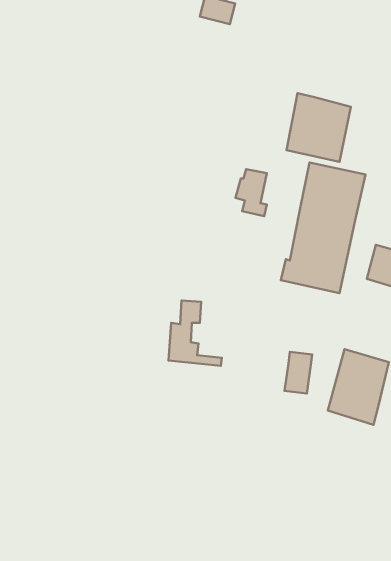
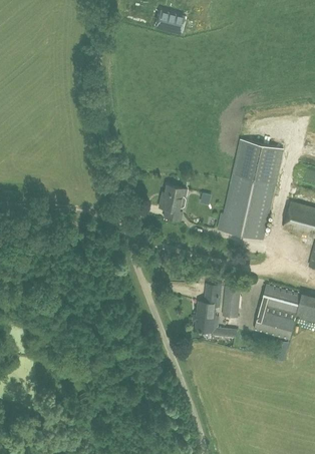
building: [286,93,351,162] -> none
building: [236,169,267,216] -> [160,184,184,220]
building: [169,301,222,366] -> [197,284,238,334]

